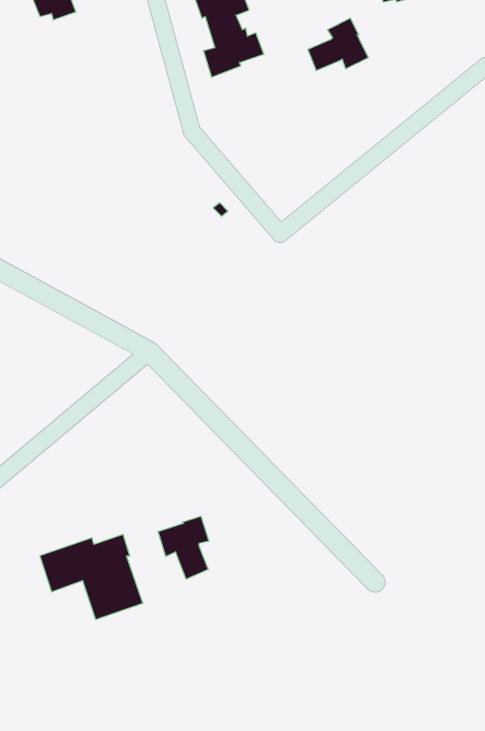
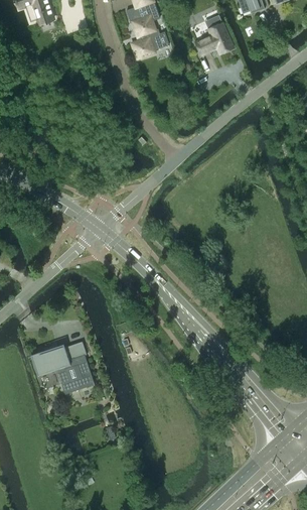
building: [158,516,209,579] -> none

